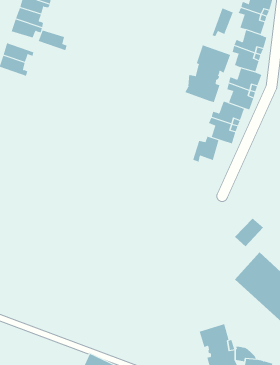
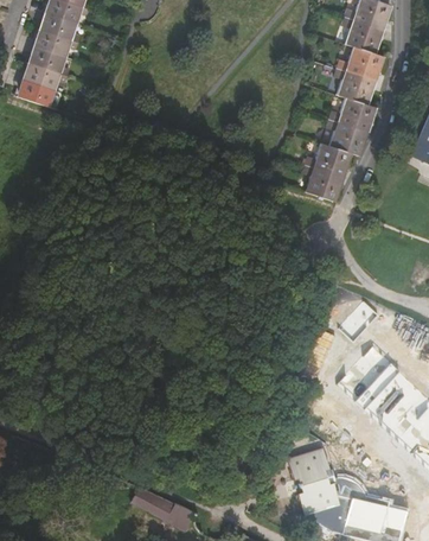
building: [212,7,233,37] -> none
building: [38,30,67,51] -> [26,46,66,75]
building: [185,44,231,103] -> none
building: [193,136,219,162] -> none

